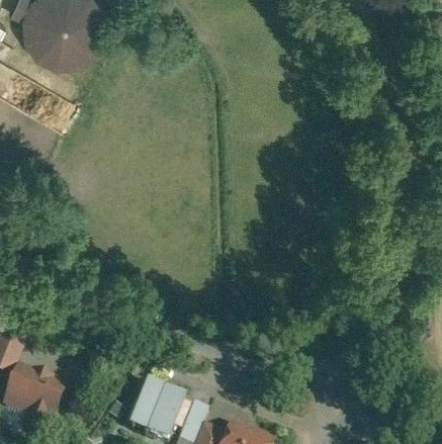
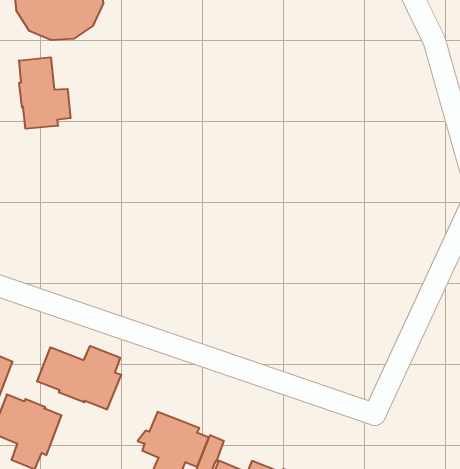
building: none -> [19,57,71,129]
building: none -> [37,346,121,410]

